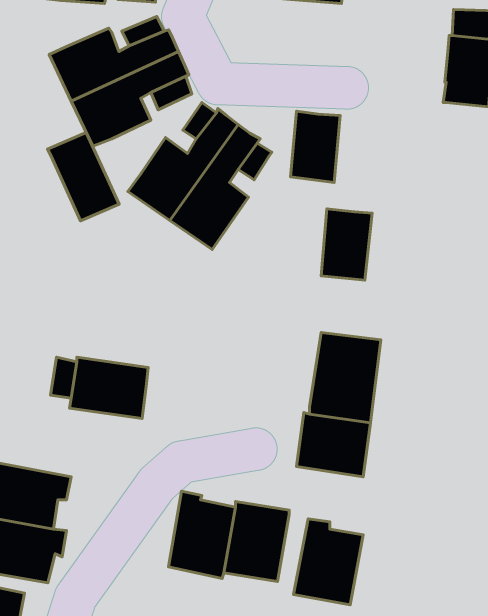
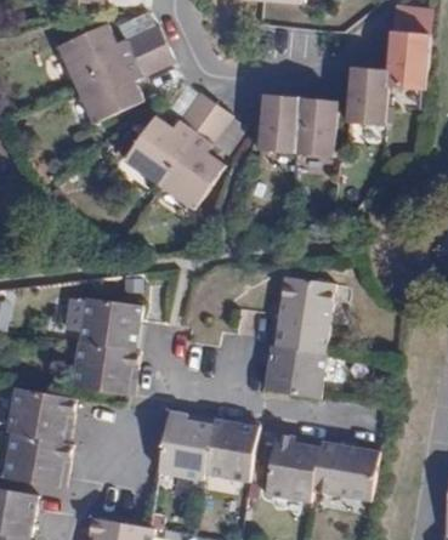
building: none -> [347,67,390,126]
building: [48,133,119,221] -> none
building: [321,209,372,280] -> [296,97,339,157]
building: none -> [68,341,140,398]
building: none -> [312,440,380,504]

